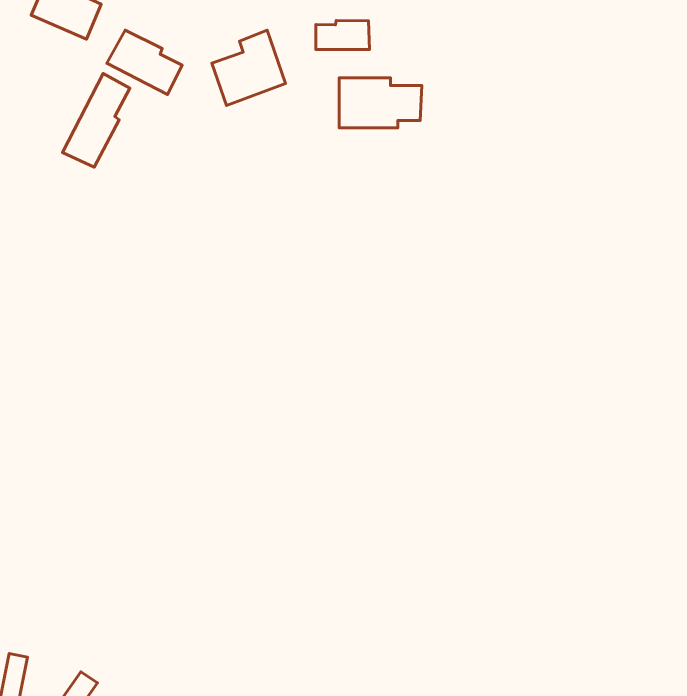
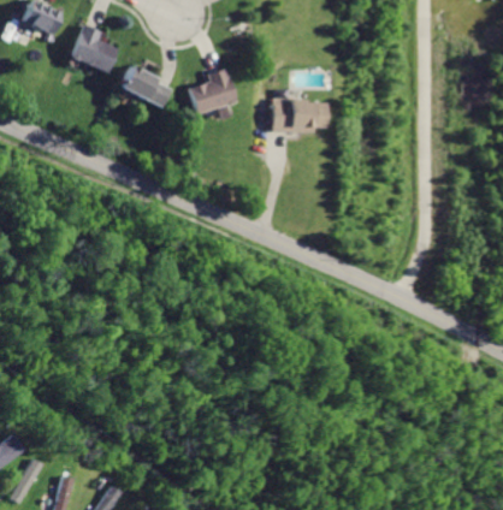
building: [316,21,369,50] -> none
building: [62,74,130,167] -> none

